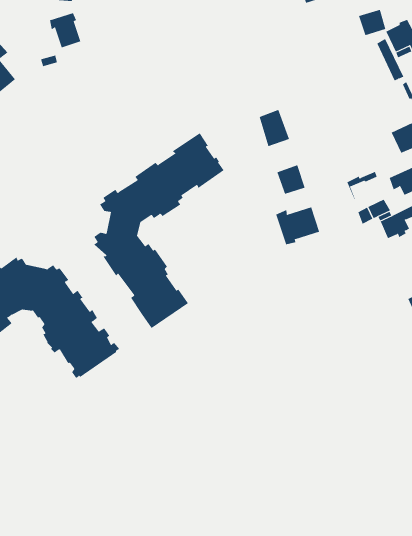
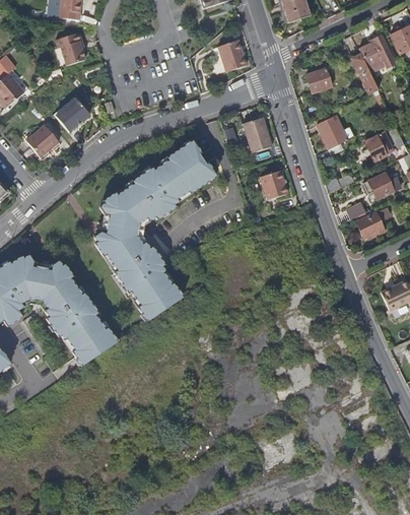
building: [358,9,386,36] -> [305,68,331,92]
building: none -> [220,43,249,73]
building: none -> [56,98,89,131]
building: none -> [317,117,350,155]
building: none -> [25,124,58,157]
building: [276,207,320,245] -> none

